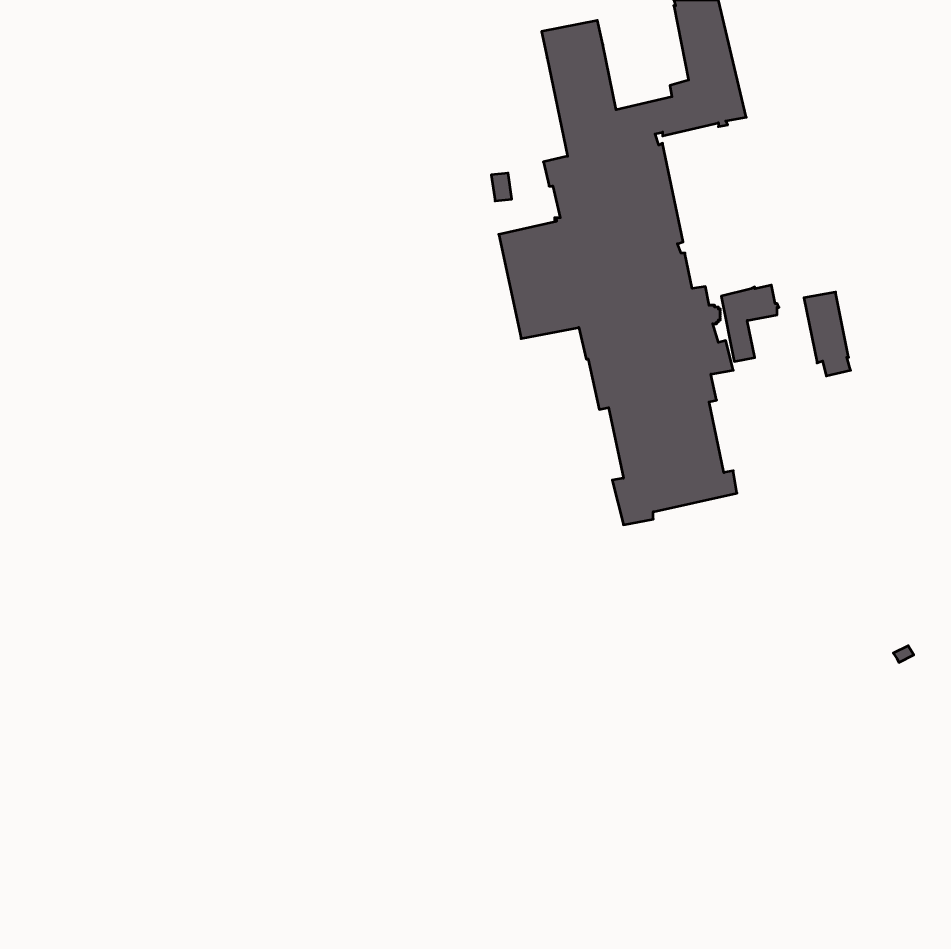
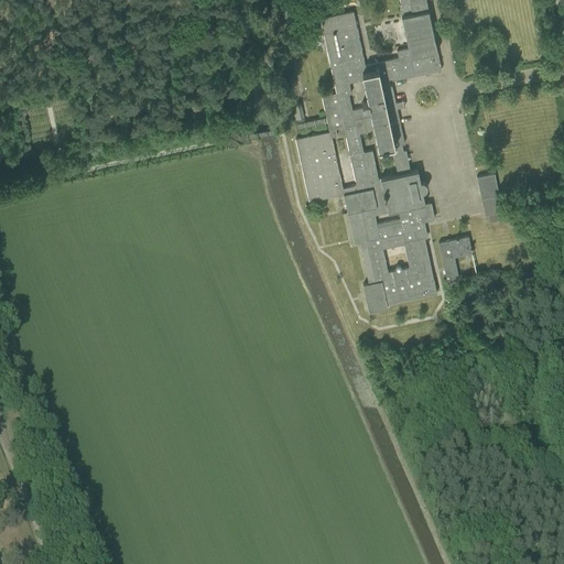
building: [721,285,779,361] -> [438,237,473,282]

